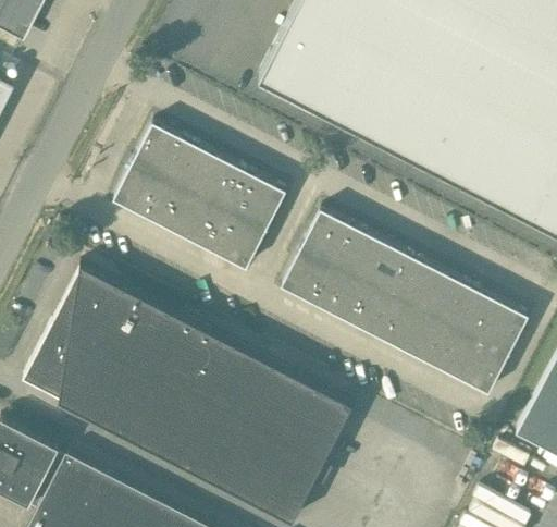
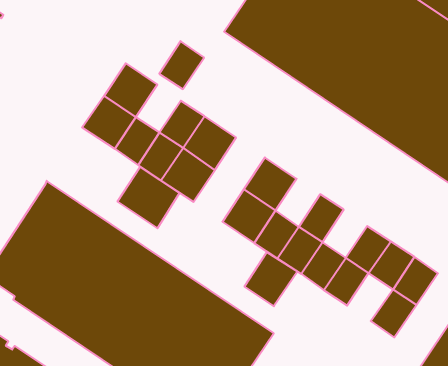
building: [172,144,220,197] -> [159,41,204,89]
building: [339,231,387,284] -> none
building: none -> [118,167,179,228]
building: [396,259,444,312] -> none
building: none -> [245,252,297,306]
building: [432,327,481,380] -> none

